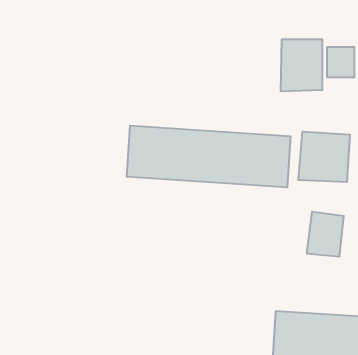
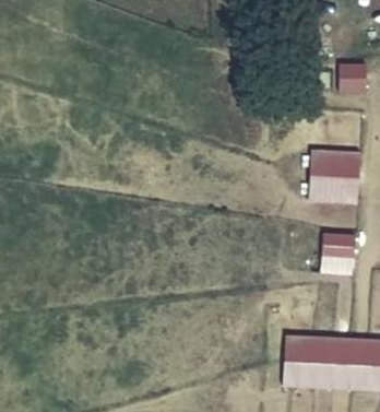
building: [281,39,322,91] -> none
building: [127,126,290,188] -> none

